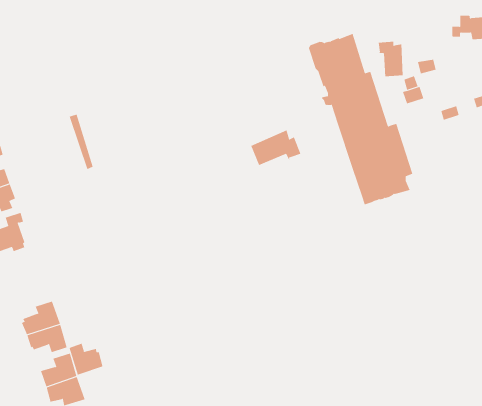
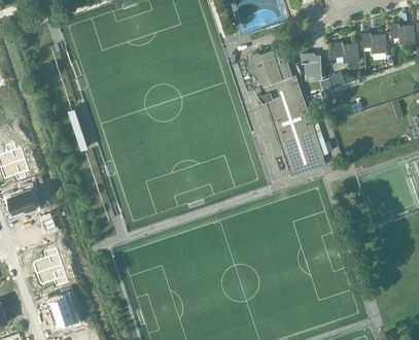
building: none -> [329,41,359,62]
building: [250,130,301,166] -> none
building: [69,343,103,375] -> none

